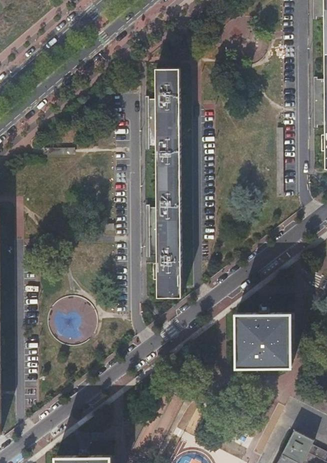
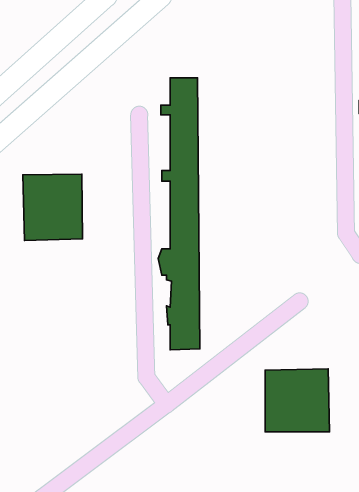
building: none -> [23,174,82,241]

